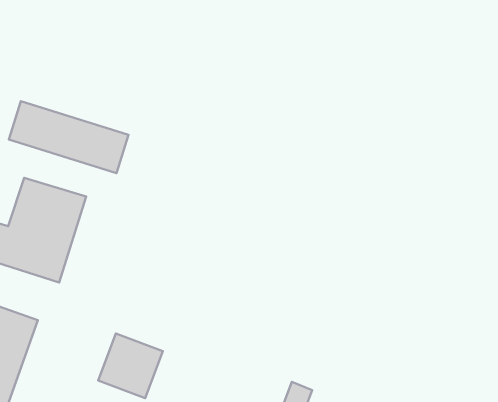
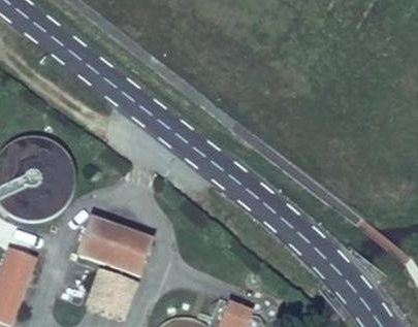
building: [9,101,129,173] -> none
building: none -> [76,225,147,273]

